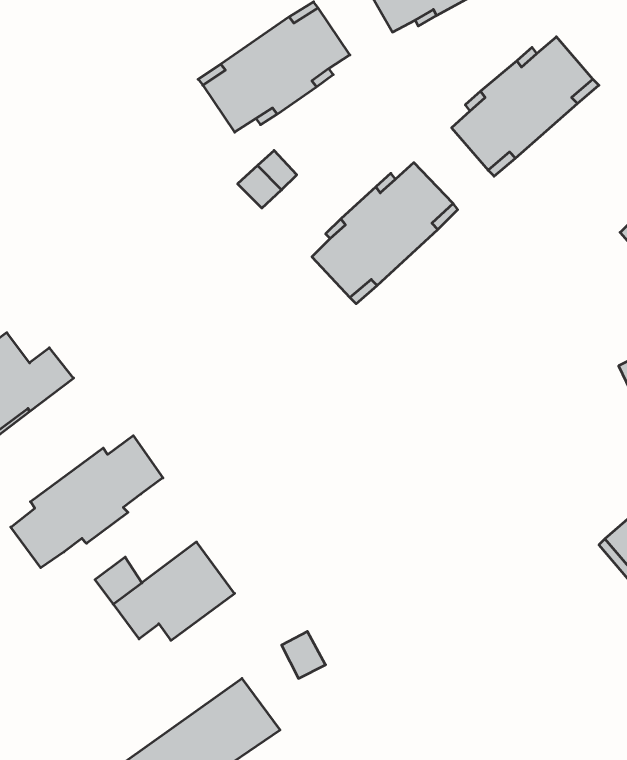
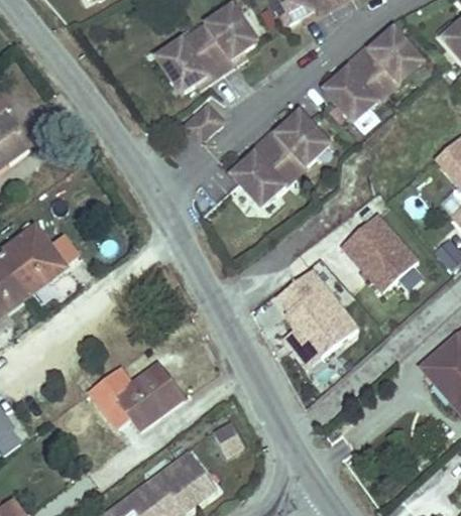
building: none -> [341,212,417,289]
building: none -> [273,271,354,369]
building: [11,436,163,568] -> none

